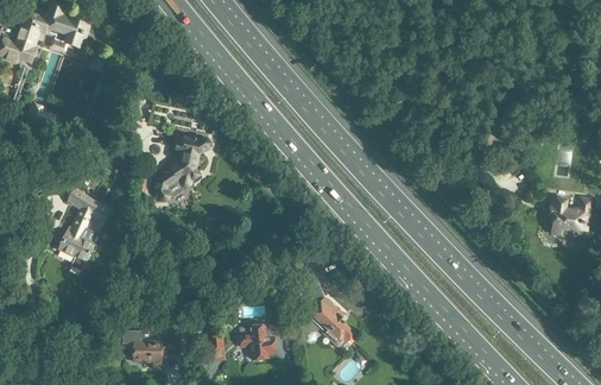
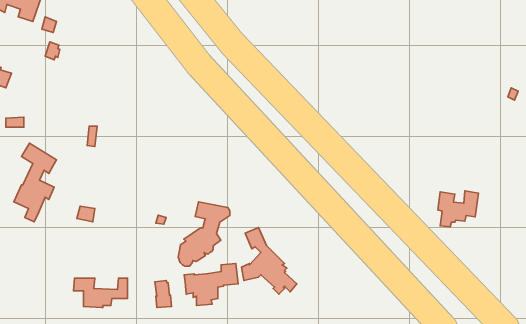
building: [153,133,208,201] -> [178,202,230,266]
building: [548,196,590,234] -> [438,191,478,227]

